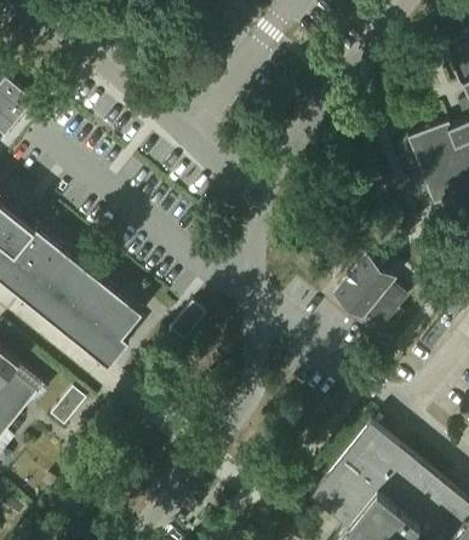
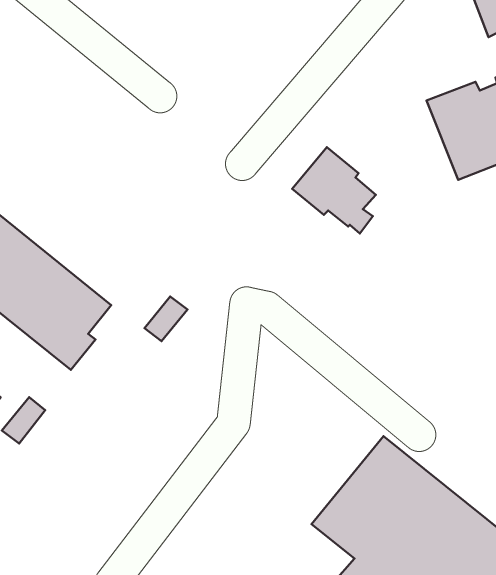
building: [336,257,406,329] -> [292,147,376,234]

